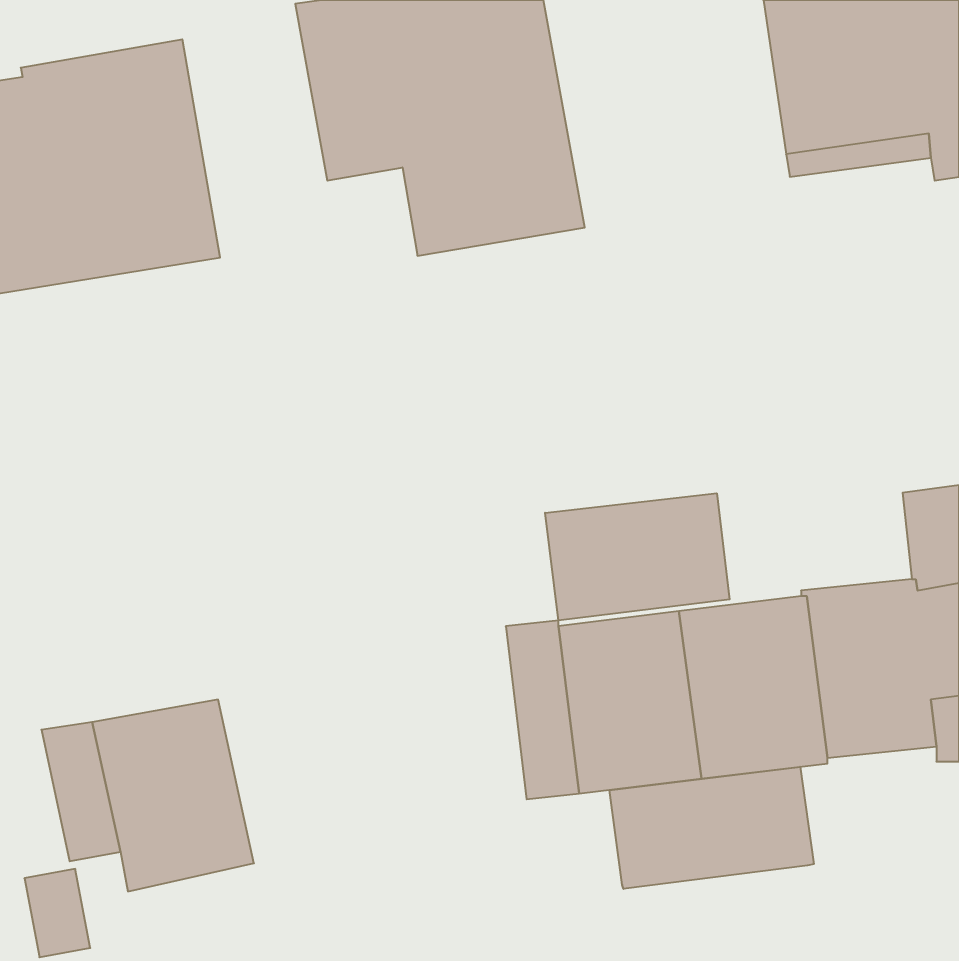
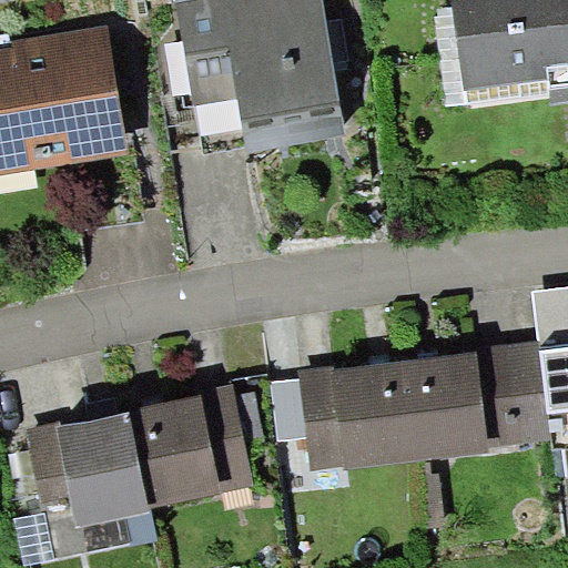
building: [545,493,730,621] -> none
building: none -> [128,385,252,509]
building: [610,767,814,889] -> none

